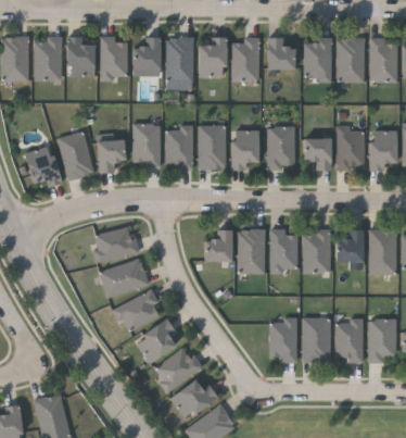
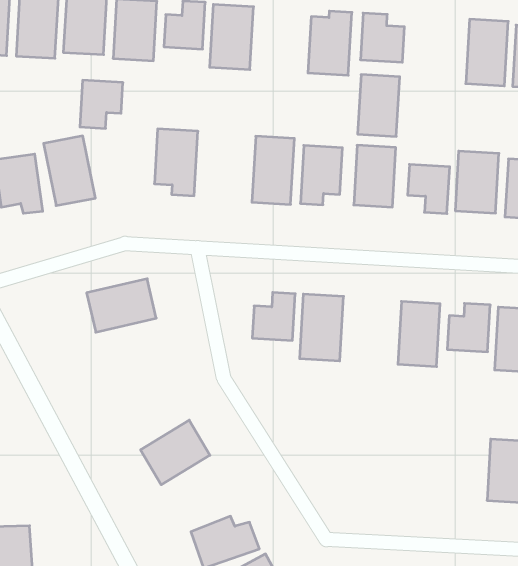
building: [200,38,226,77] -> none
building: [305,38,331,78] -> [358,75,400,136]
building: [166,126,193,167] -> none
building: [98,140,125,172] -> [80,80,123,128]
building: [270,228,297,270] -> none
building: [101,259,149,297] -> none
building: [114,290,164,334] -> none
building: [304,317,330,362] -> none
building: [337,318,364,361] -> none
building: [270,320,297,360] -> none
building: [153,348,201,390] -> none

